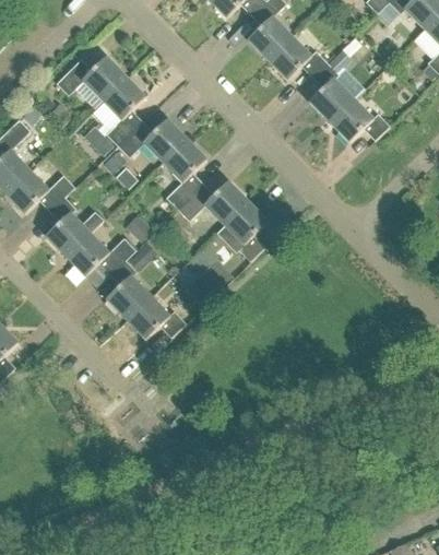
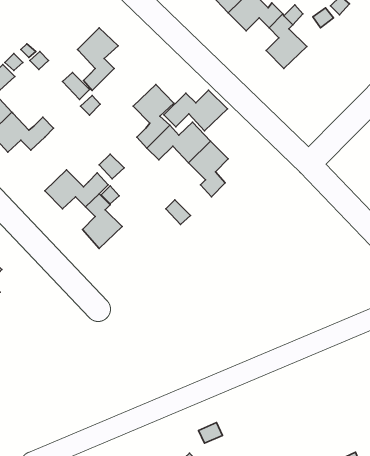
building: [56,56,126,101] -> none
building: [329,97,389,141] -> none
building: [118,118,188,163] -> [164,90,227,131]
building: [47,197,105,256] -> none
building: [126,295,187,340] -> none

